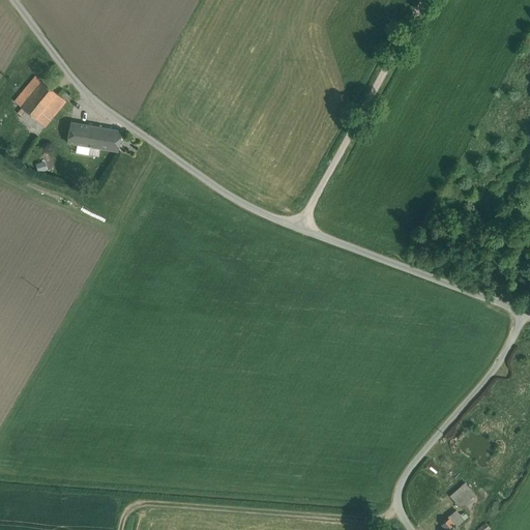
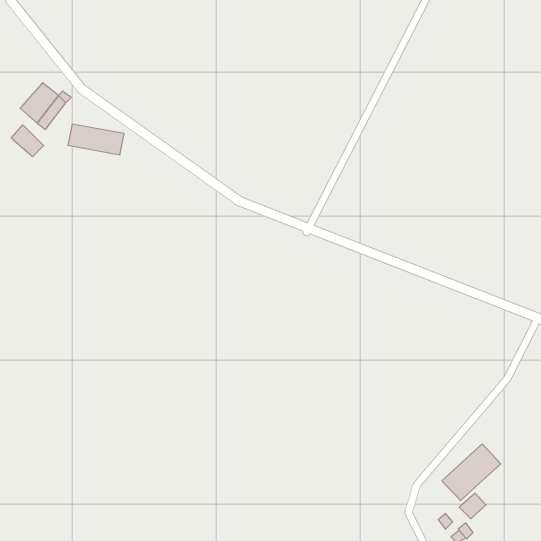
building: none -> [11,125,44,157]
building: none -> [442,444,501,501]

